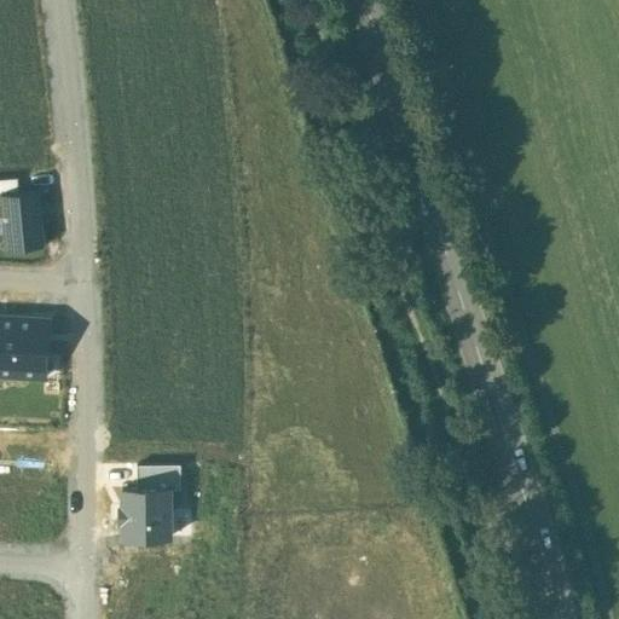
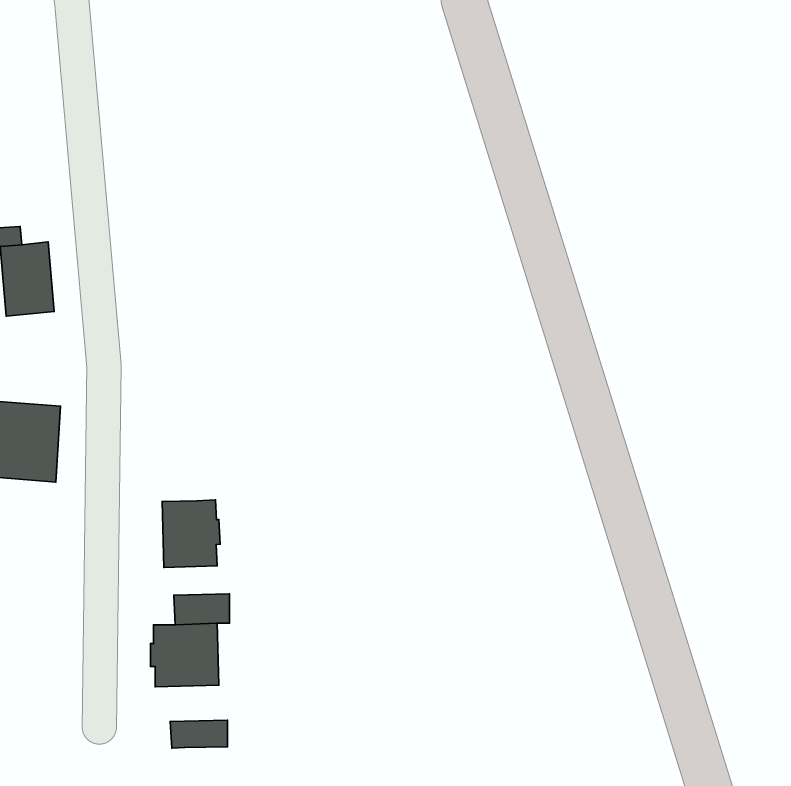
building: none -> [162,500,220,567]
building: none -> [170,720,228,748]

